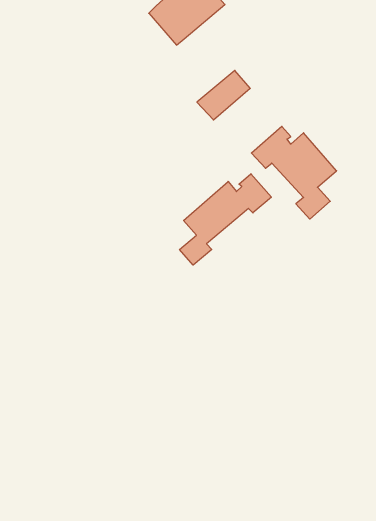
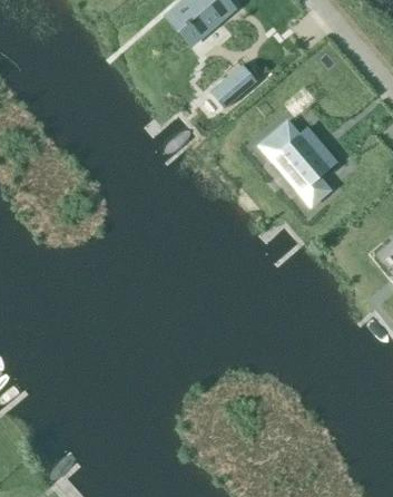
building: [180,174,271,265] -> none

